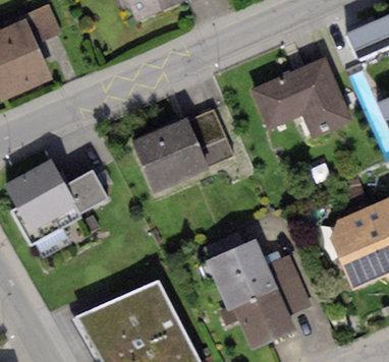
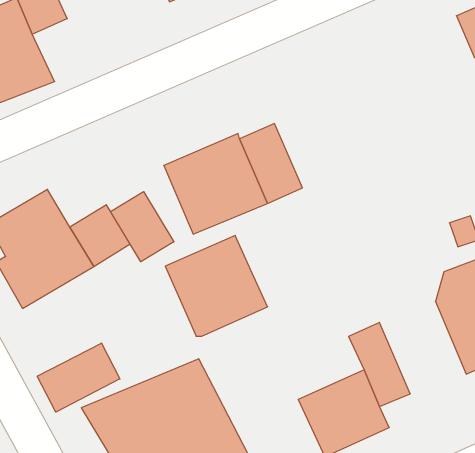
building: [252,59,351,136] -> none
building: none -> [110,192,174,262]
building: [205,236,279,309] -> [165,235,268,336]
building: none -> [37,343,120,412]

